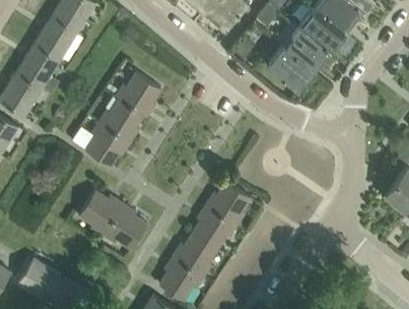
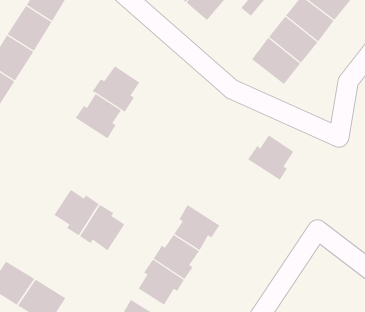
building: [86,123,131,167] -> none
building: [206,182,251,226] -> [247,135,294,181]

